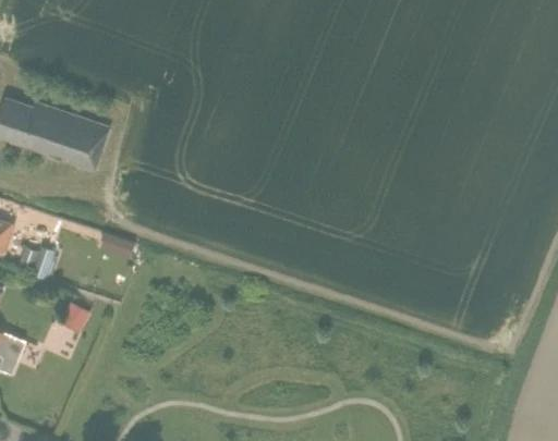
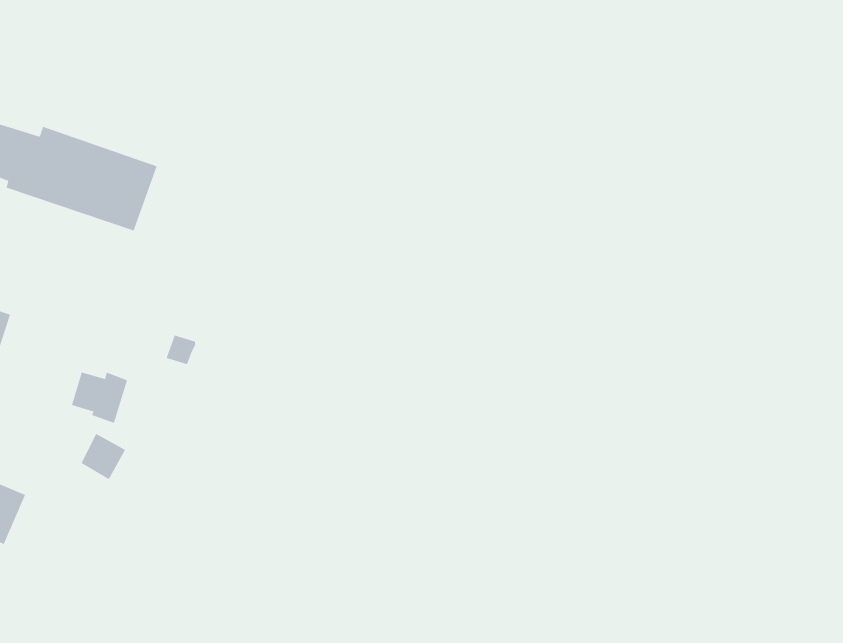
building: [16,246,53,280] -> [71,372,128,423]

